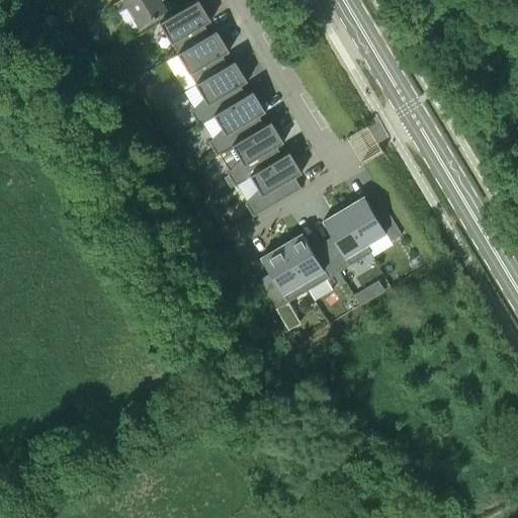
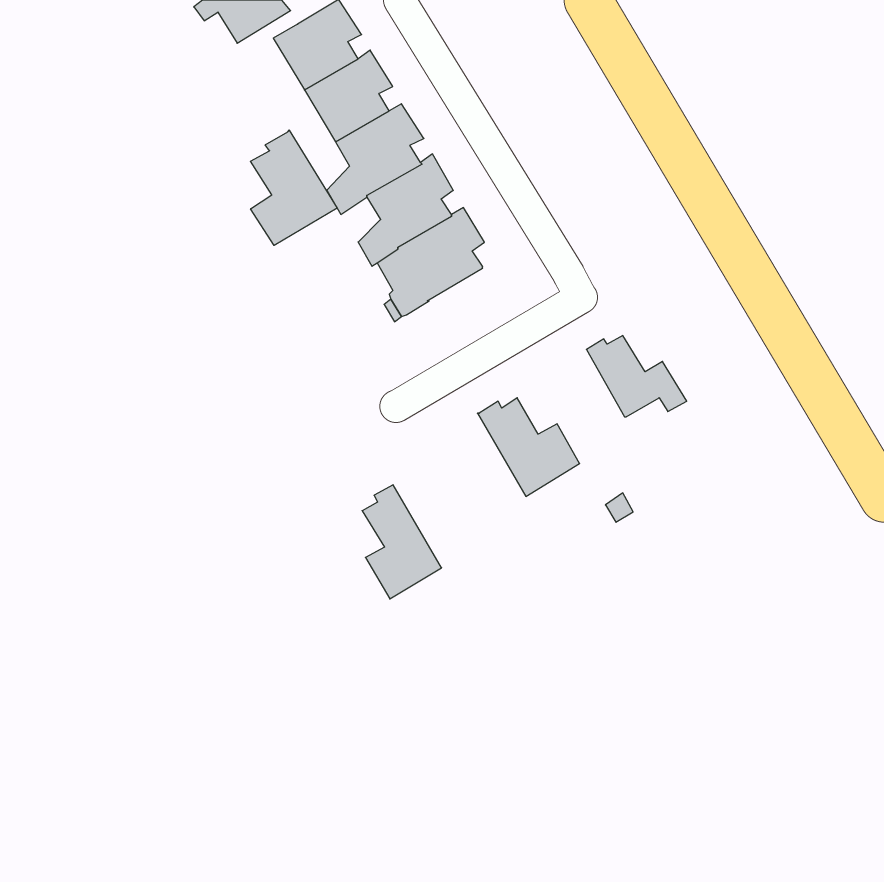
building: none -> [250,130,337,245]
building: [246,153,301,218] -> none
building: [323,205,371,272] -> none
building: [261,243,308,310] -> [362,485,442,599]

